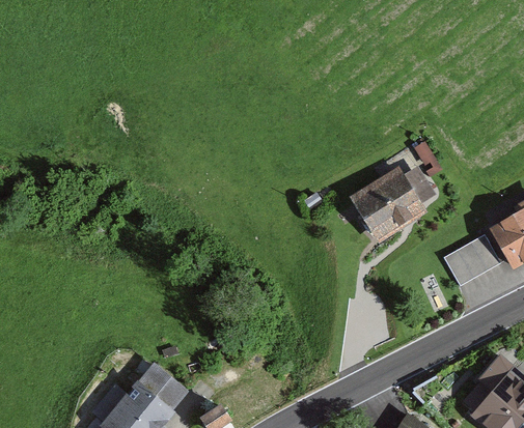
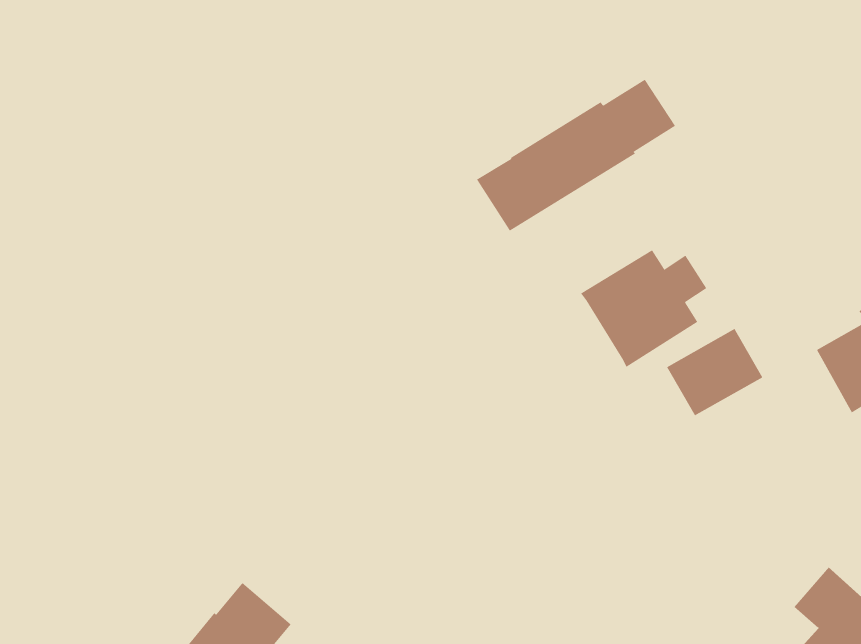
building: none -> [476,79,676,232]
building: [444,236,501,288] -> [666,328,763,416]

